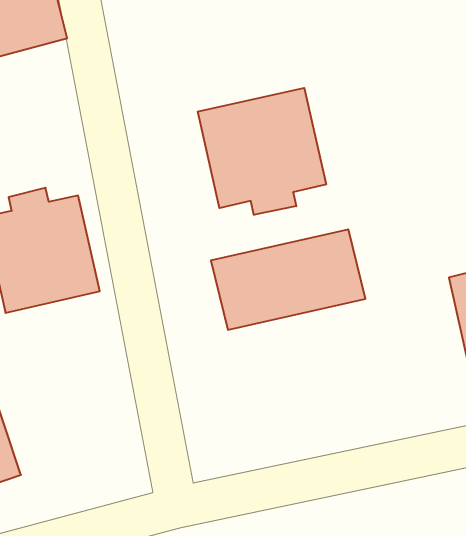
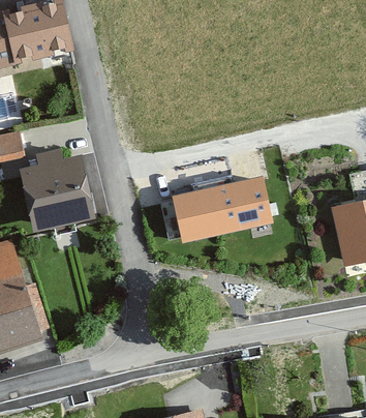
building: [198,88,326,215] -> none

